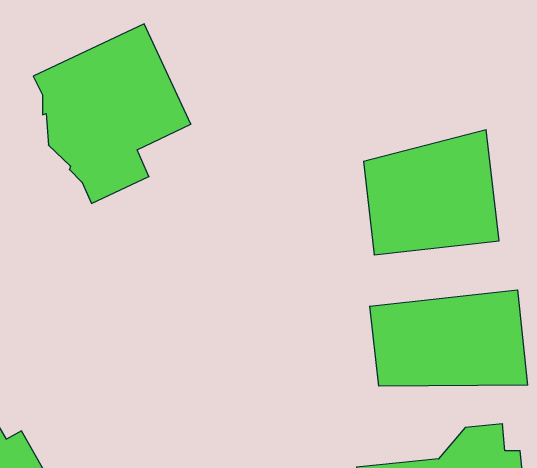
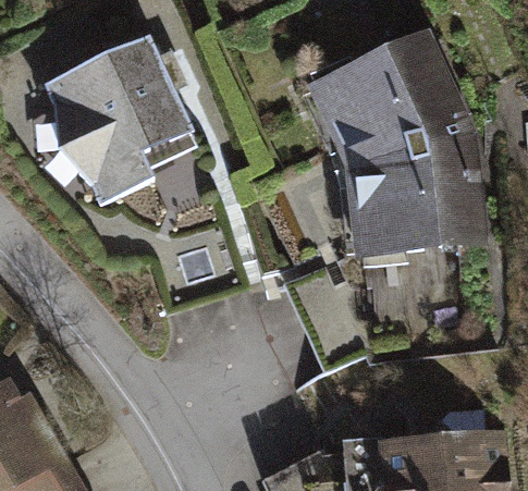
building: none -> [318,39,467,164]
building: [370,290,528,386] -> none

